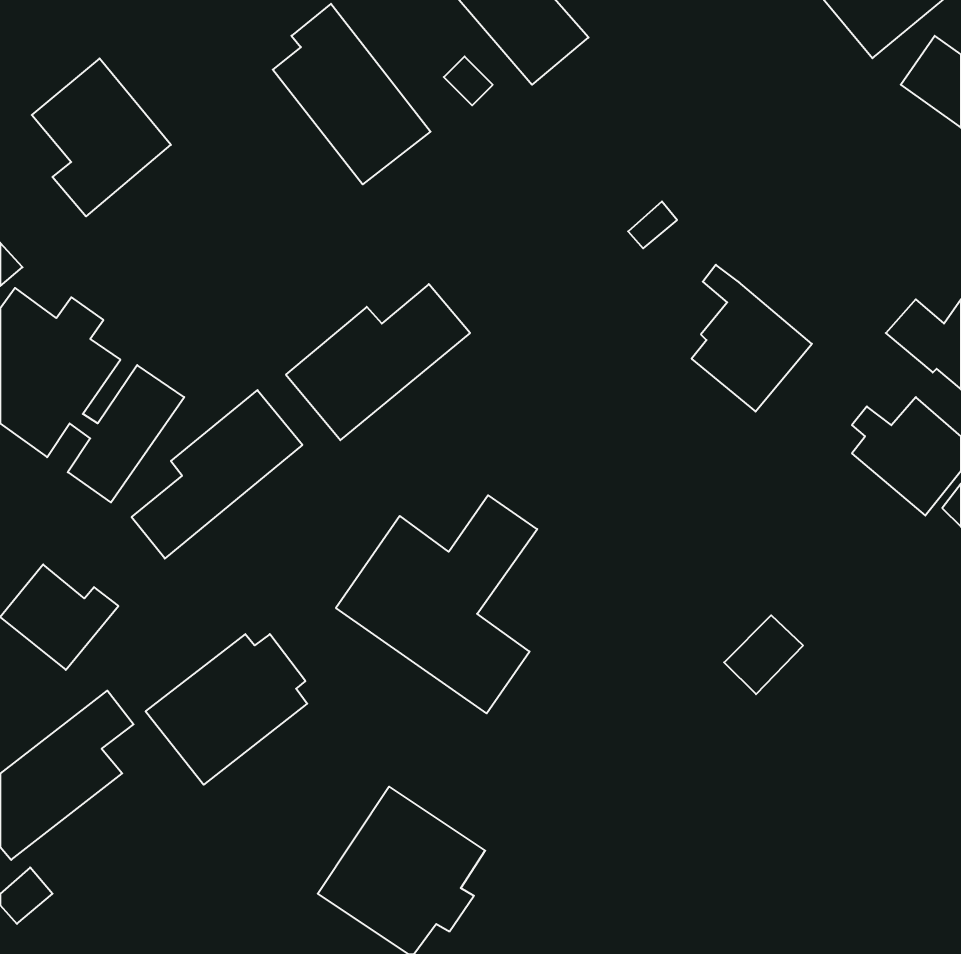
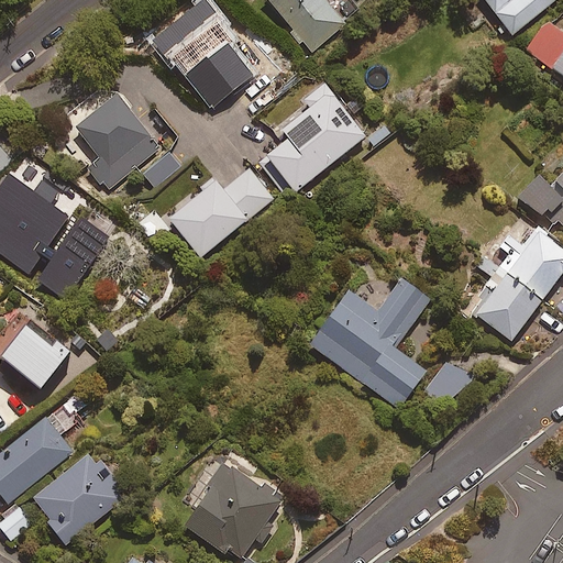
building: [32,58,171,216] -> [77,95,158,187]
building: none -> [261,82,364,196]
building: [692,265,812,412] -> [471,255,541,341]
building: [132,390,302,559] -> none
building: [336,495,537,713] -> [311,279,429,407]
building: [146,634,307,785] -> [30,457,124,545]

